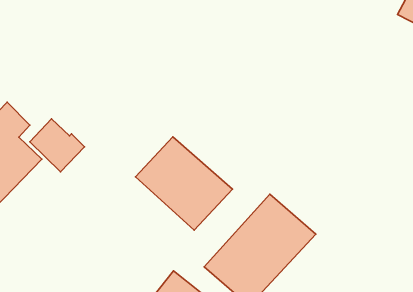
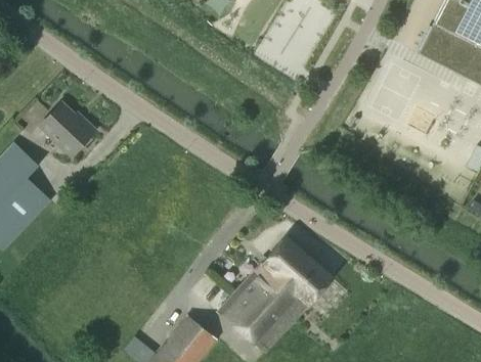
building: [30,119,85,172] -> [41,101,97,155]
building: [135,137,233,230] -> none

